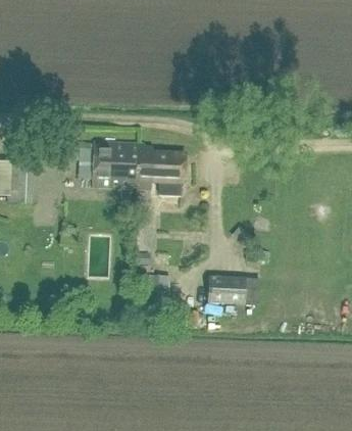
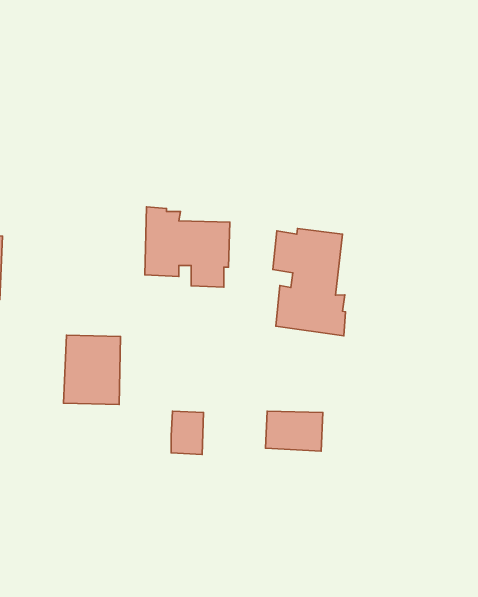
building: [90,140,128,186] -> [63,335,121,405]
building: none -> [273,229,346,336]

